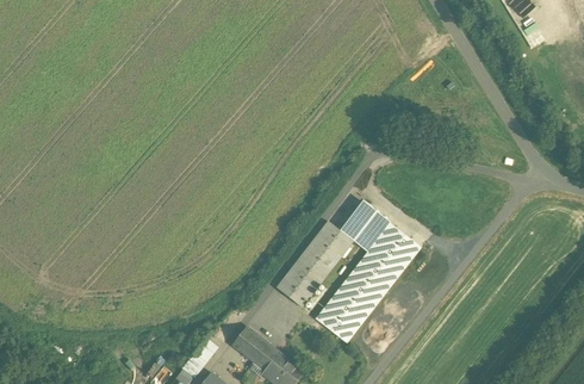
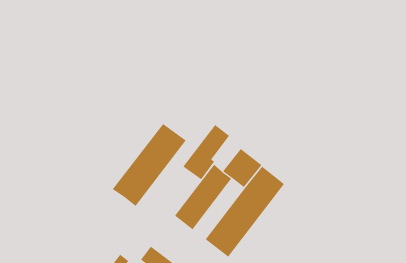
building: none -> [112,123,187,207]
building: none -> [182,124,230,180]

